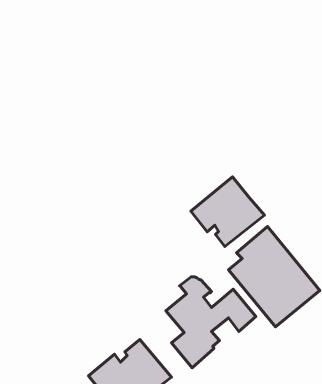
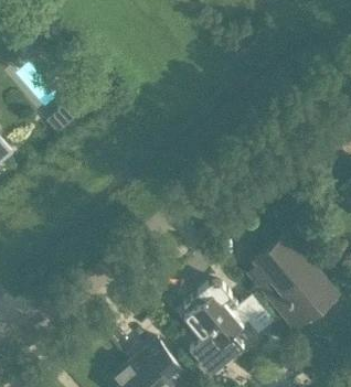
building: [191,177,264,246] -> none

